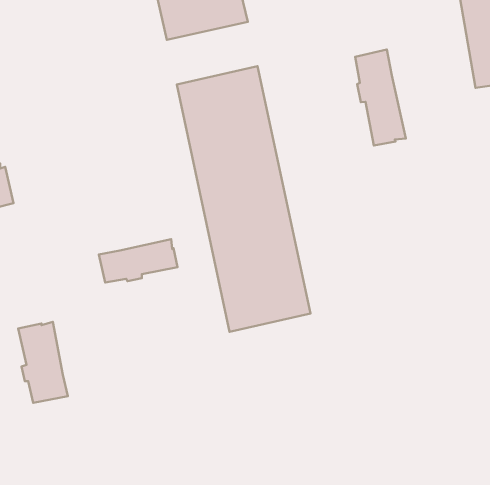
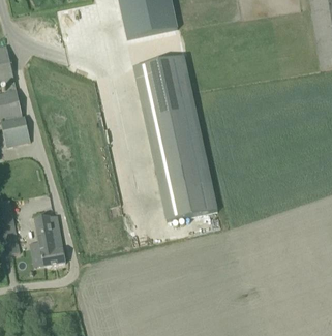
building: [355,50,406,146] -> none
building: [99,239,177,283] -> none

